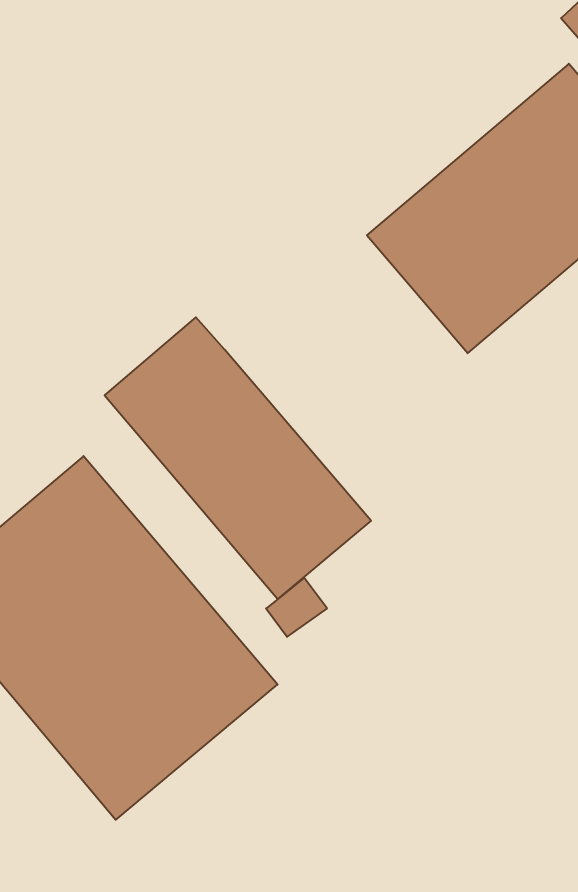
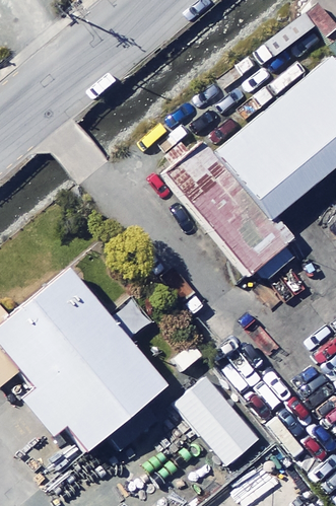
building: [105,317,371,599] -> [158,133,300,283]
building: none -> [170,368,254,457]

